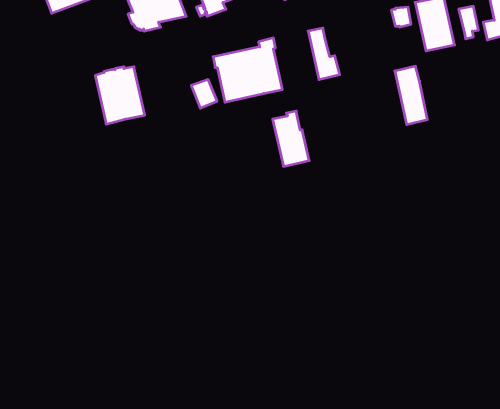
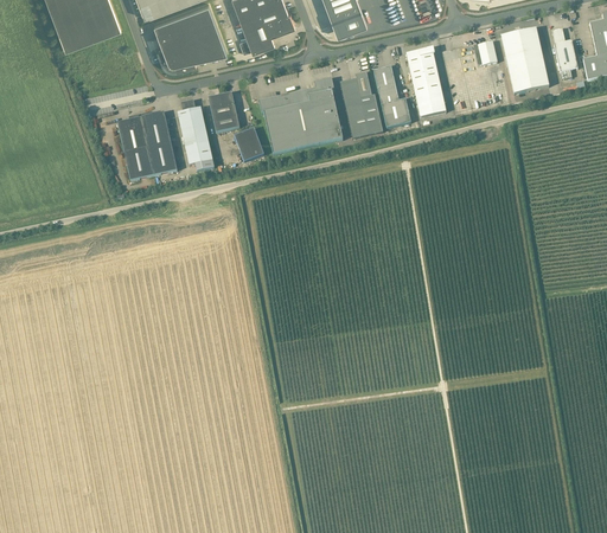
building: none -> [207,91,238,131]
building: none -> [177,99,213,171]
building: [395,66,427,125] -> [405,46,445,116]
building: [273,111,309,166] -> [338,71,382,137]

